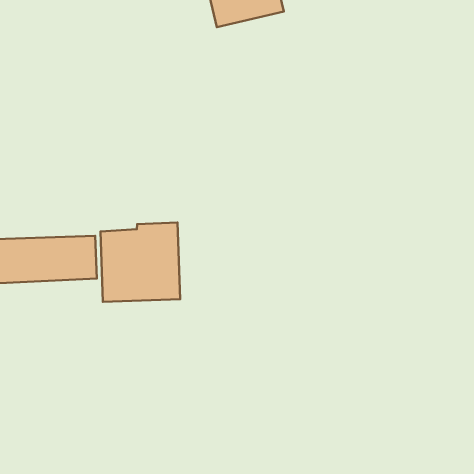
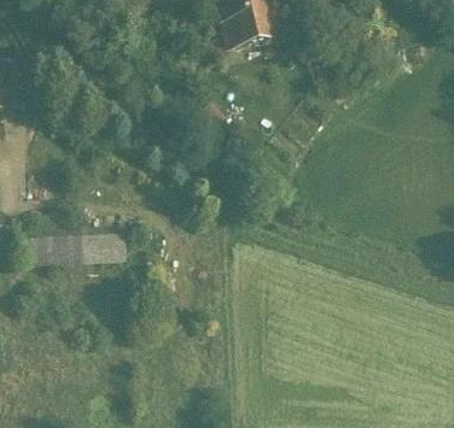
building: [100,223,180,302] -> none

